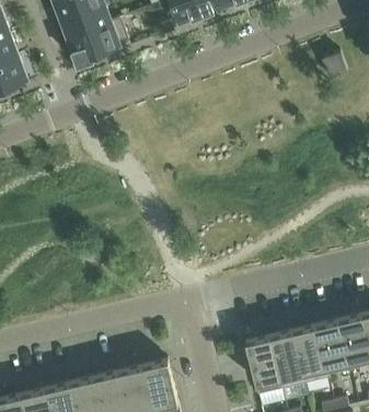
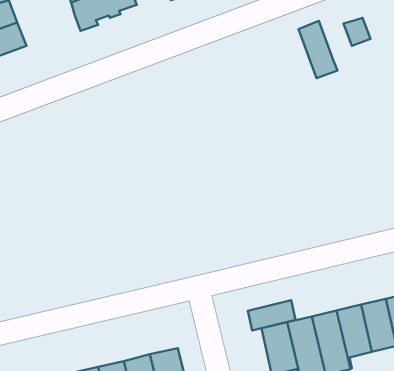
building: none -> [298,21,338,78]
building: none -> [248,300,296,330]

